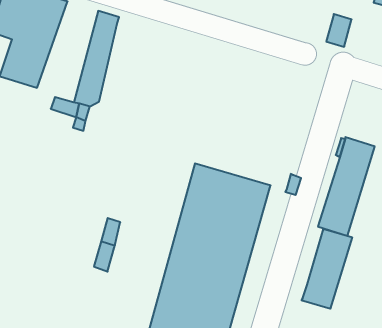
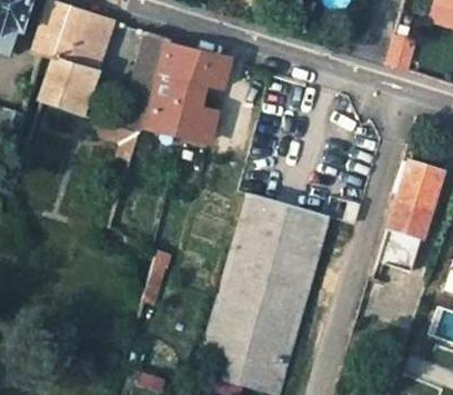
building: none -> [149,45,232,140]
building: [302,229,352,309] -> none

